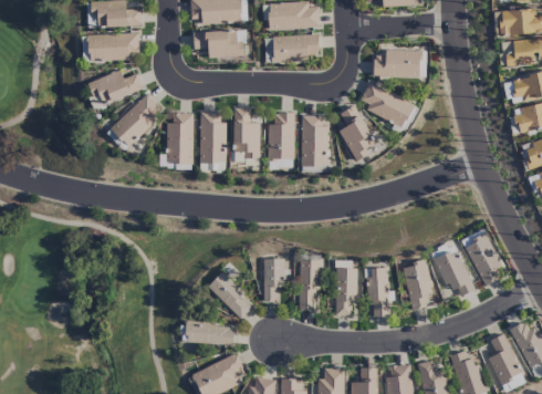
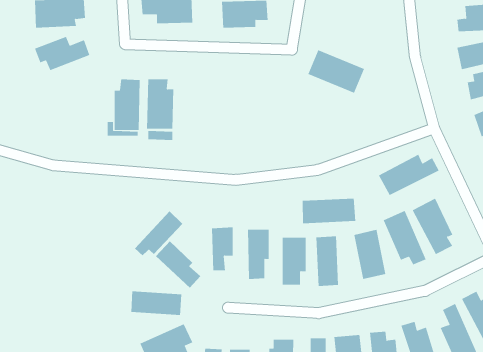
building: [374,50,427,77] -> none
building: [112,93,165,146] -> none
building: [340,105,376,160] -> none
building: [233,107,261,158] -> none
building: [269,112,295,159] -> none
building: [301,115,329,166] -> none
building: none -> [378,154,439,196]
building: none -> [302,198,356,224]
building: none -> [134,210,183,256]

